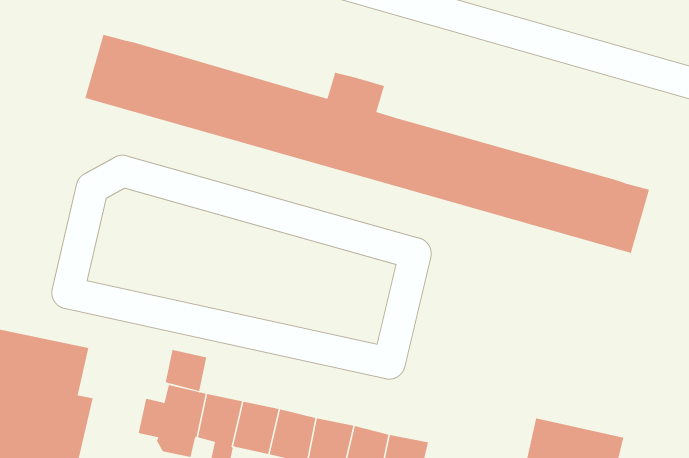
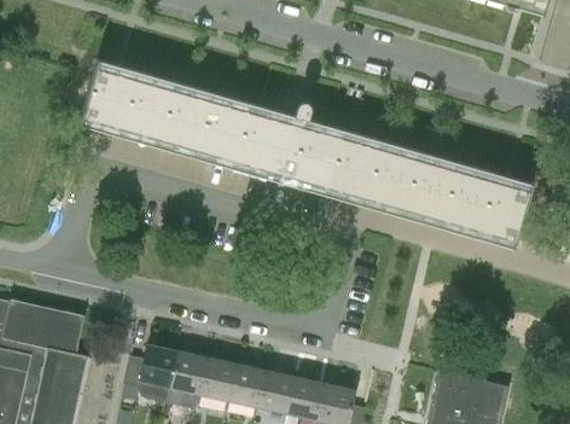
building: [165,349,207,392] -> none

